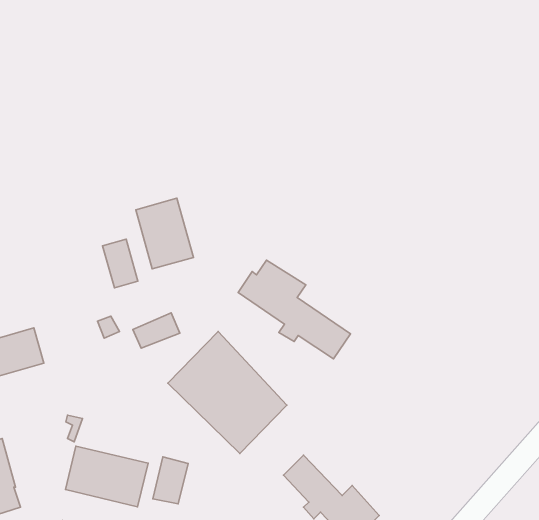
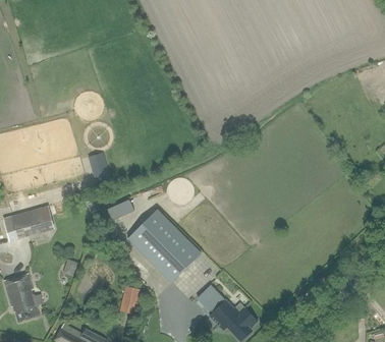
building: [136,198,193,269] -> none
building: [238,260,350,359] -> none
building: [66,446,148,507] -> none

